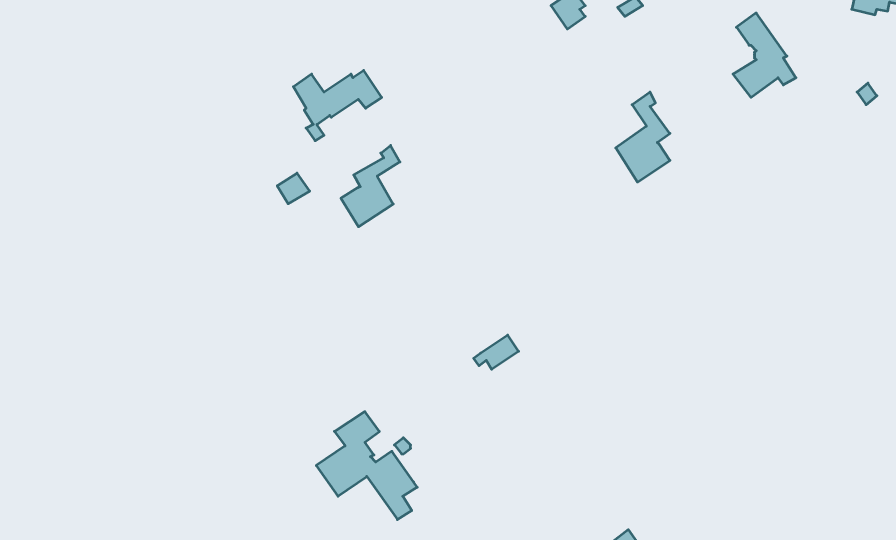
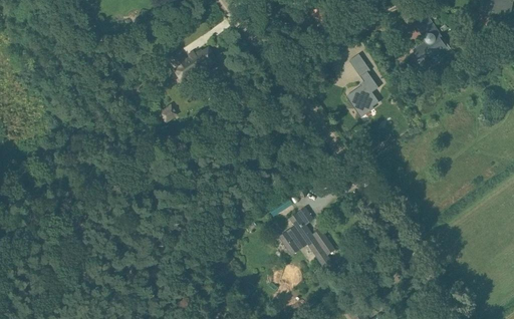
building: [341,145,400,227] -> none
building: [316,412,417,520] -> [280,208,336,268]

